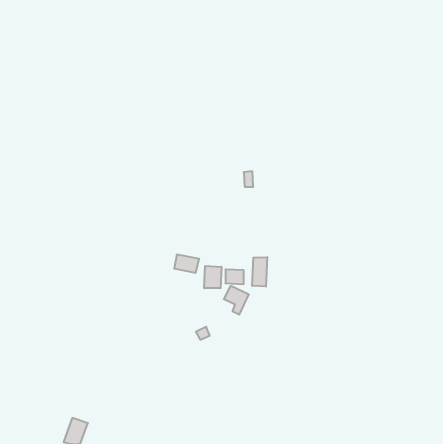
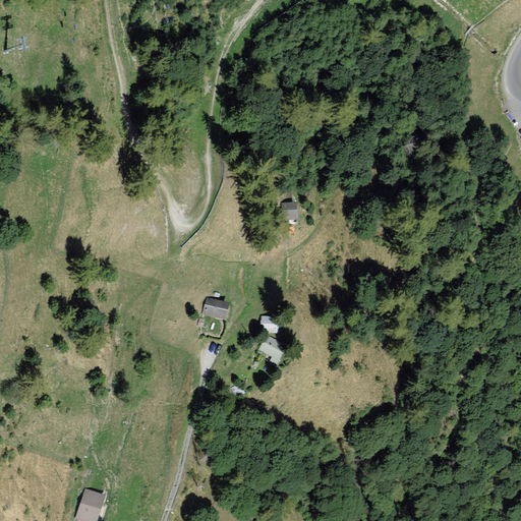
building: [252,257,267,287] -> none
building: [204,266,221,288] -> none

